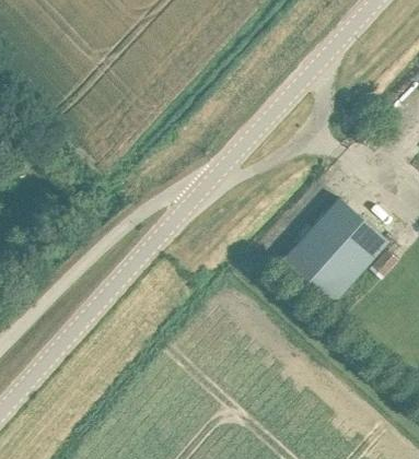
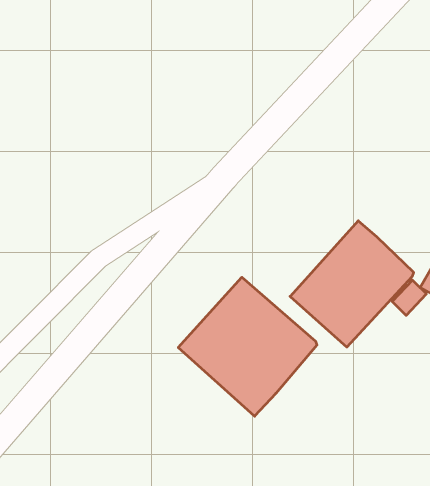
building: none -> [178,277,317,416]

